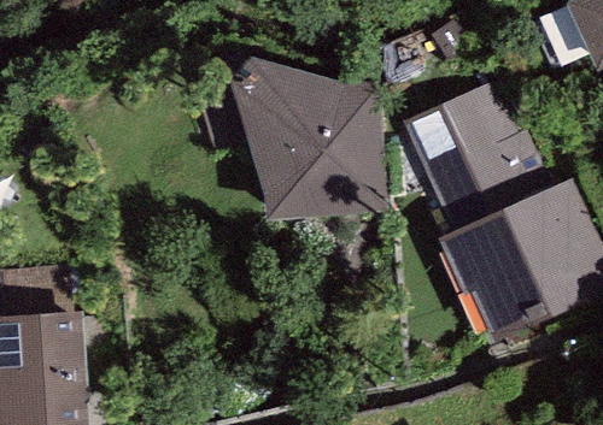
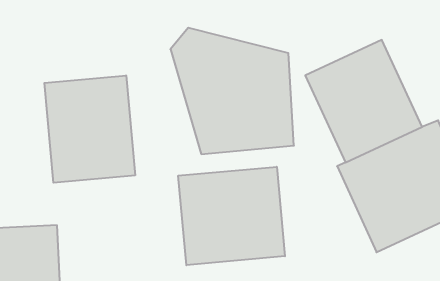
building: none -> [44,75,135,183]
building: none -> [178,167,285,265]

